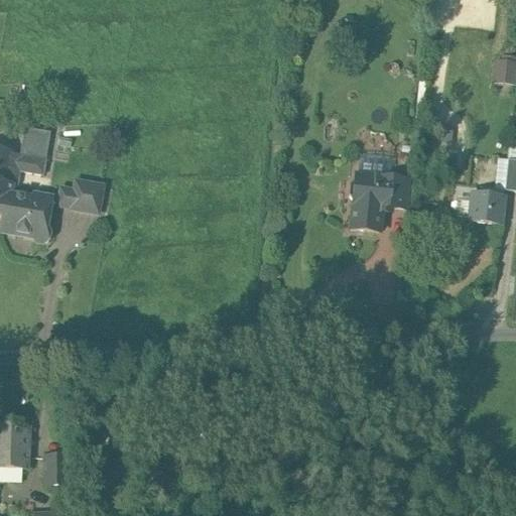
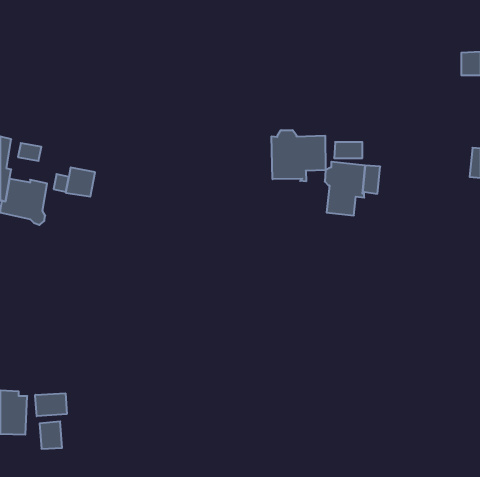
building: [20,125,51,157] -> none
building: none -> [272,130,326,181]
building: [467,192,502,225] -> none
building: none -> [35,393,67,416]

